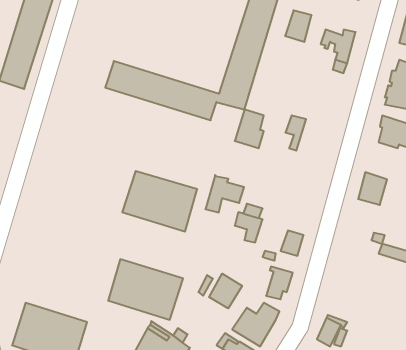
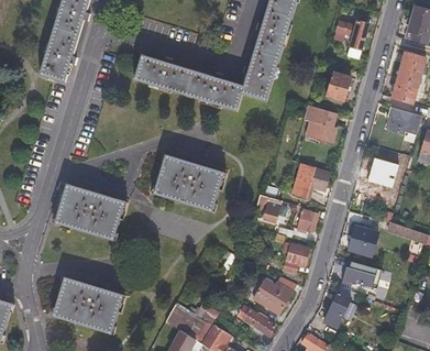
building: [285,10,312,42] -> [324,72,349,100]
building: [235,109,264,148] -> [311,109,338,144]
building: [205,175,244,213] -> [294,163,329,197]
building: none -> [349,227,377,256]
building: [108,259,183,320] -> [55,184,123,239]
building: [209,274,242,308] -> none
building: none -> [342,260,381,289]

